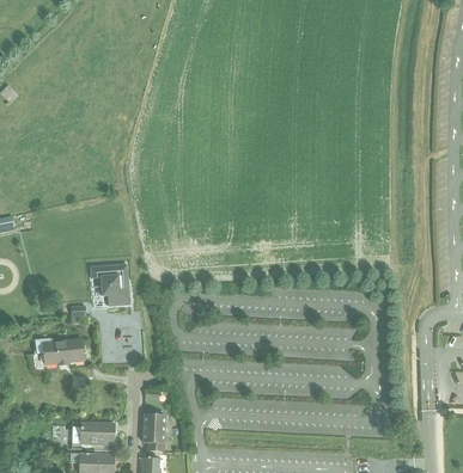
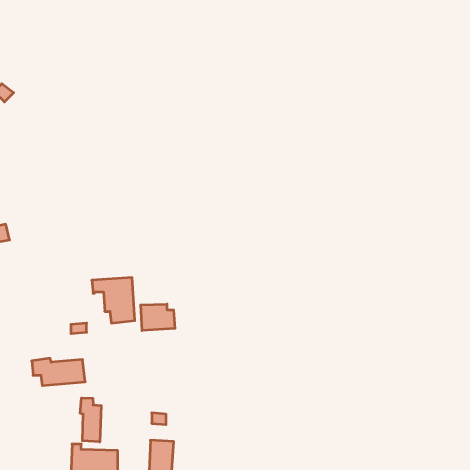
building: none -> [141,304,175,331]
building: none -> [80,398,101,442]

